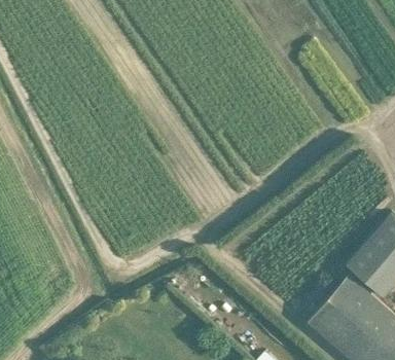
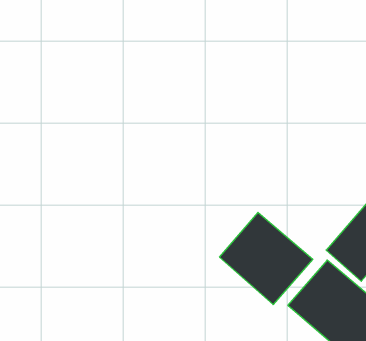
building: none -> [220,212,313,305]

